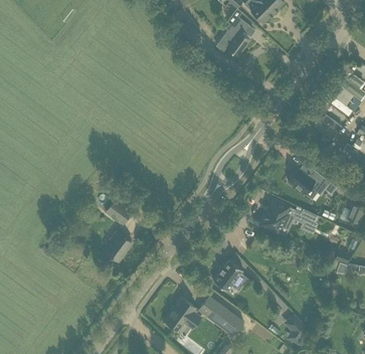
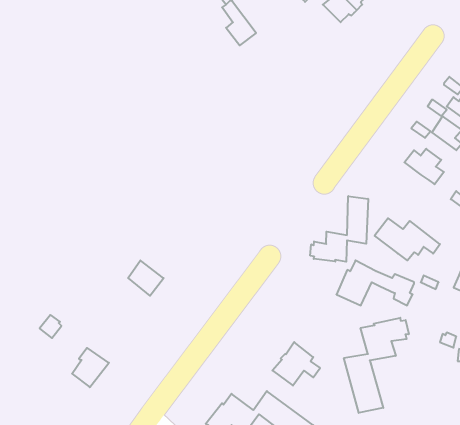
building: [215,17,250,56] -> none
building: none -> [310,196,368,262]
building: [105,230,132,259] -> [72,348,109,387]
building: none -> [344,318,409,413]

